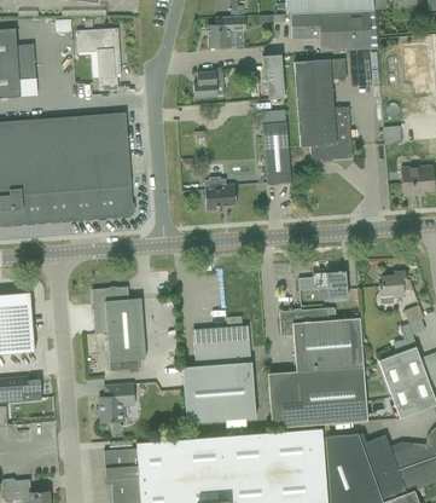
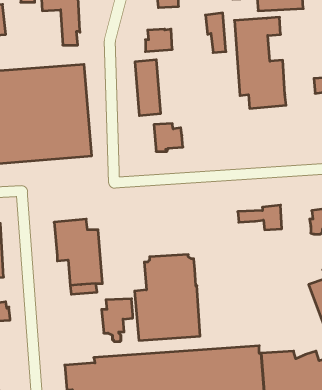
building: [262,122,291,185] -> [135,60,161,116]
building: [269,308,368,428] -> none
building: [100,385,135,433] -> [102,299,133,342]

